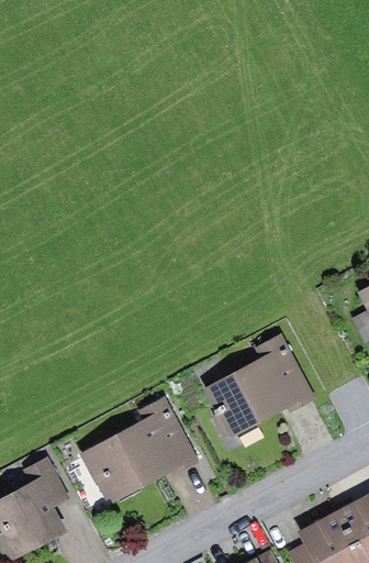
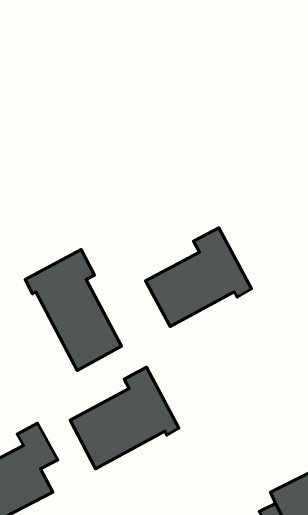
building: none -> [25,250,122,371]
building: [202,332,316,439] -> [146,228,251,327]

